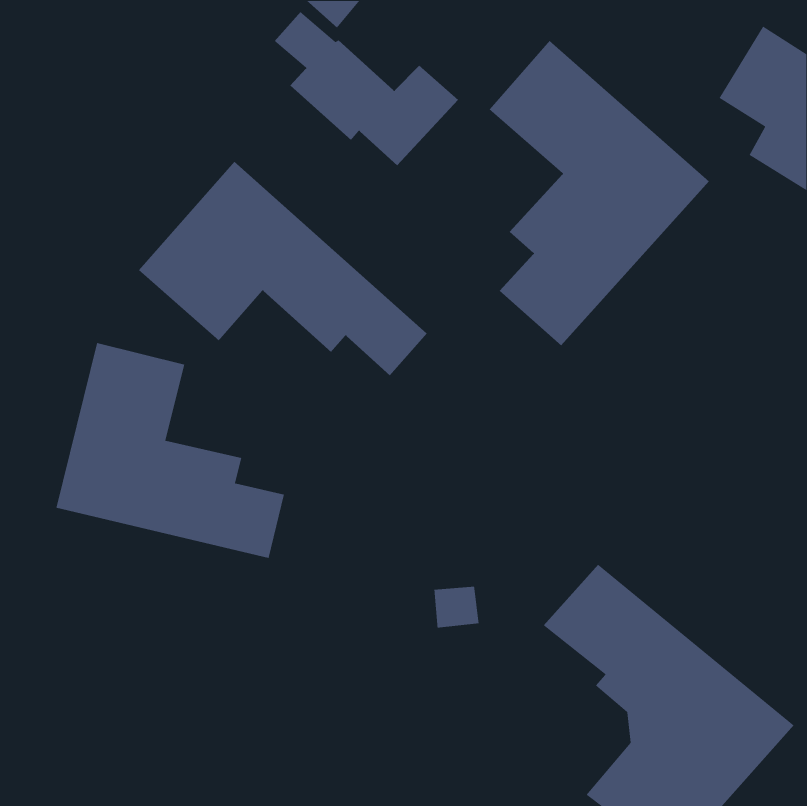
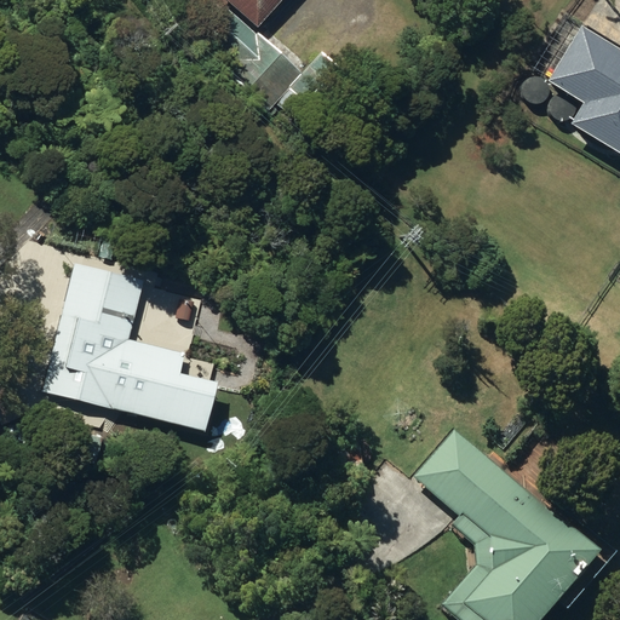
building: [489,40,710,346] -> none
building: [138,161,428,376] -> none

